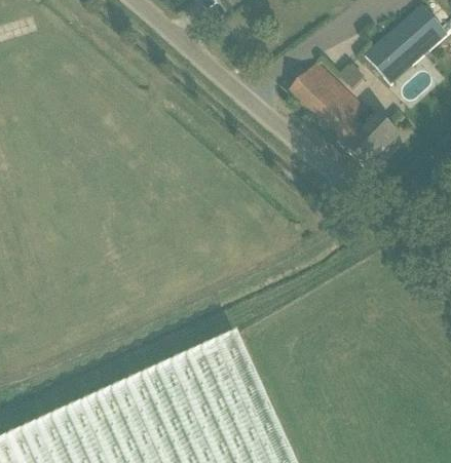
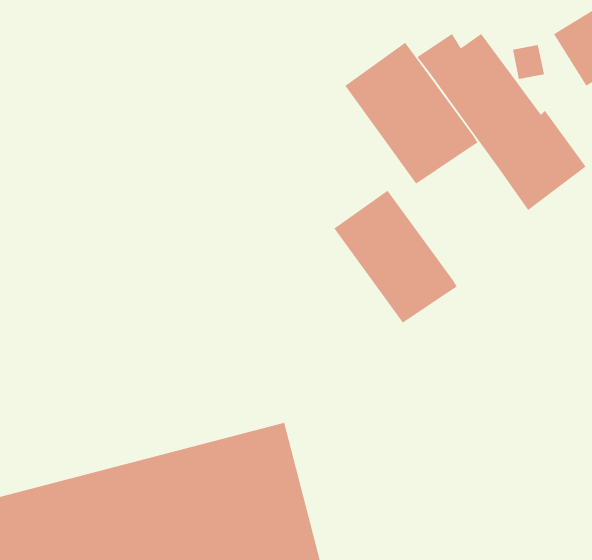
building: none -> [344,42,478,185]
building: none -> [334,190,457,324]

